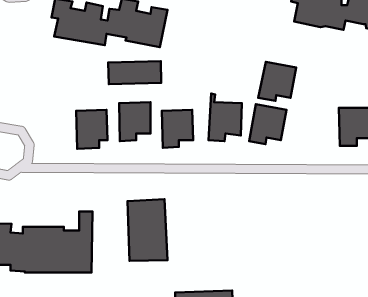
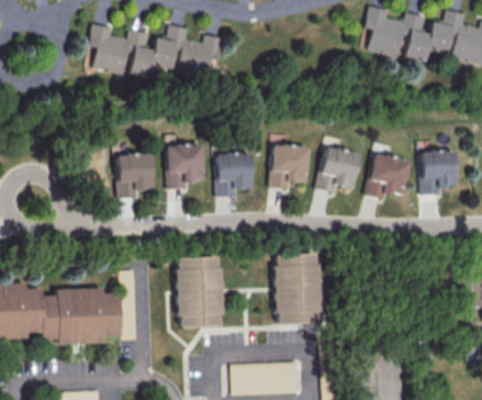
building: [108,61,161,84] -> none
building: [258,62,296,101] -> [366,154,410,199]
building: none -> [273,253,321,324]

